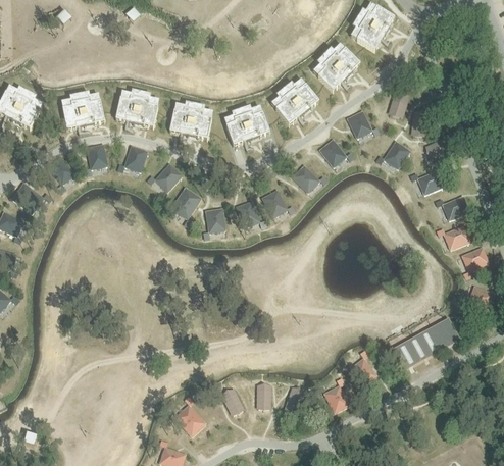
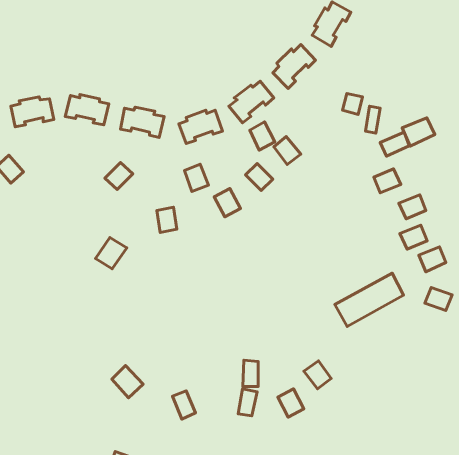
building: [347,110,371,138] -> [250,122,275,150]
building: none -> [402,118,435,146]
building: [383,141,409,168] -> none
building: [86,144,107,169] -> none
building: [123,146,147,171] -> none
building: [170,188,201,218] -> [95,238,127,269]
building: [236,201,259,227] -> [185,164,209,191]
building: [392,317,459,369] -> [335,273,404,326]
building: [255,382,270,408] -> [243,360,258,386]
building: [174,405,205,436] -> [112,365,143,398]

